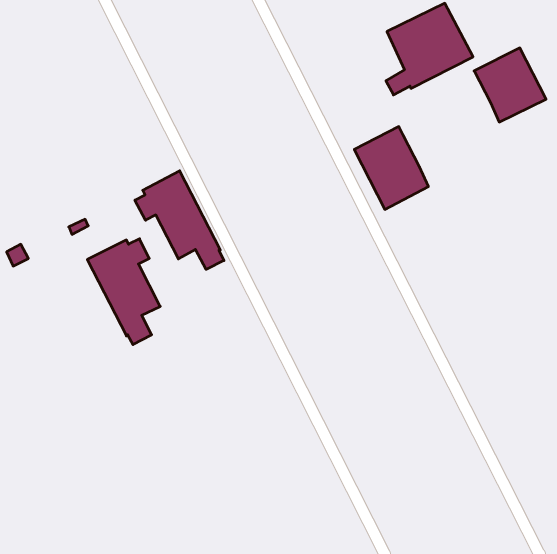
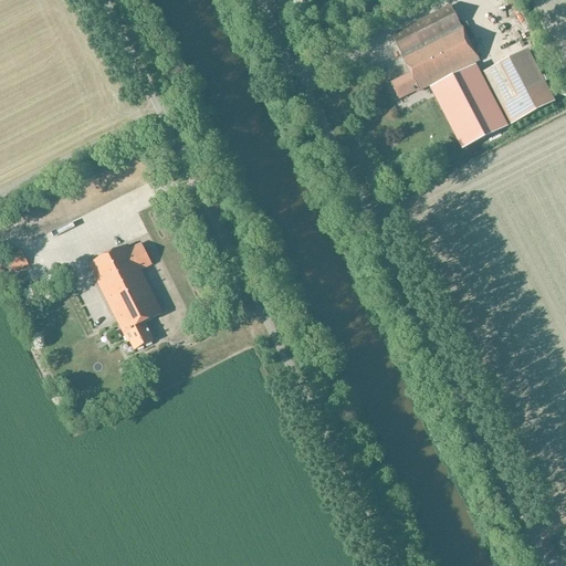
building: [354,127,428,209] -> [431,63,506,147]
building: [135,171,224,269] -> none

